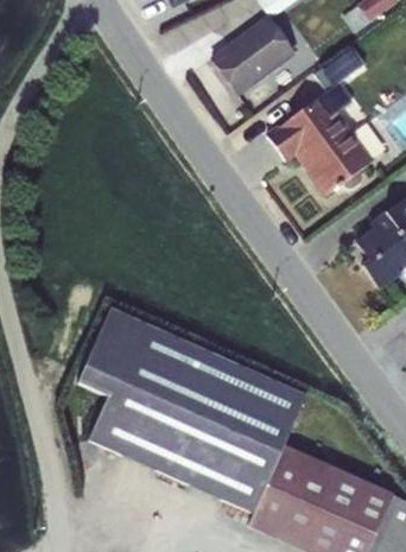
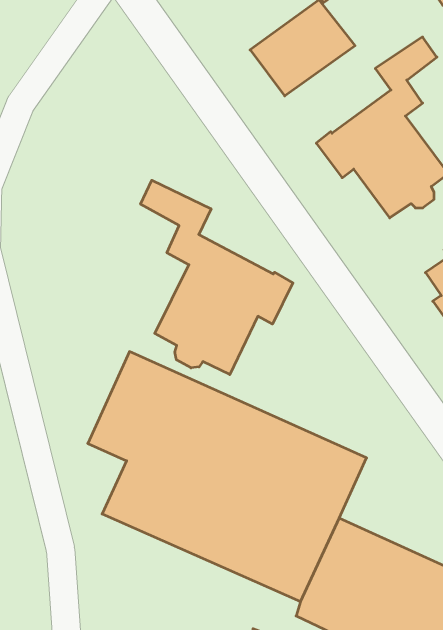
building: none -> [141,180,293,375]

